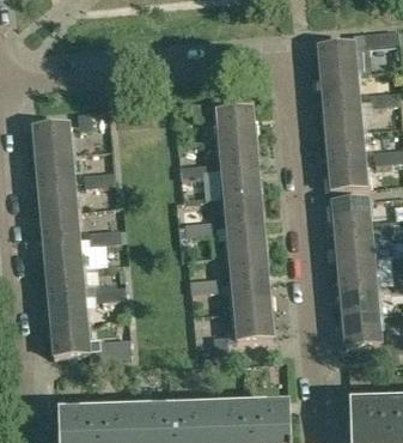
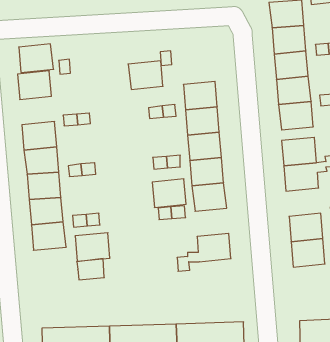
building: [215,103,255,135] -> [128,61,163,89]
building: [33,148,73,181] -> [19,44,54,72]
building: [335,253,374,285] -> none
building: [232,275,270,308] -> [152,179,186,207]
building: [49,320,88,352] -> [75,233,110,261]

